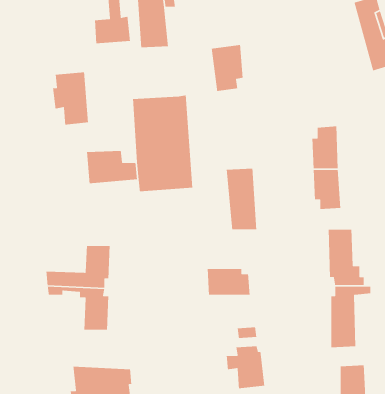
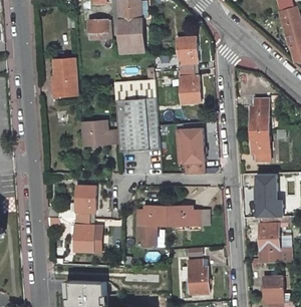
building: none -> [176,74,199,107]
building: none -> [141,207,170,248]

